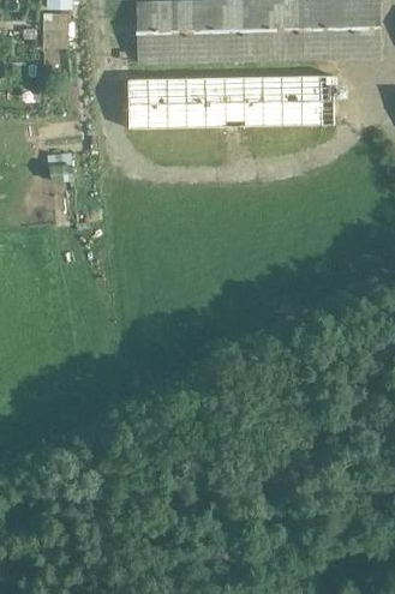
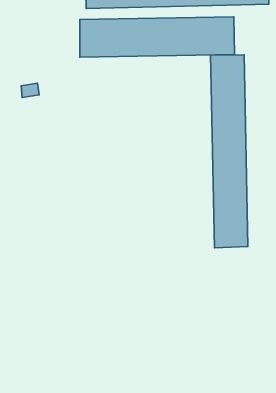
building: none -> [211,55,248,248]

